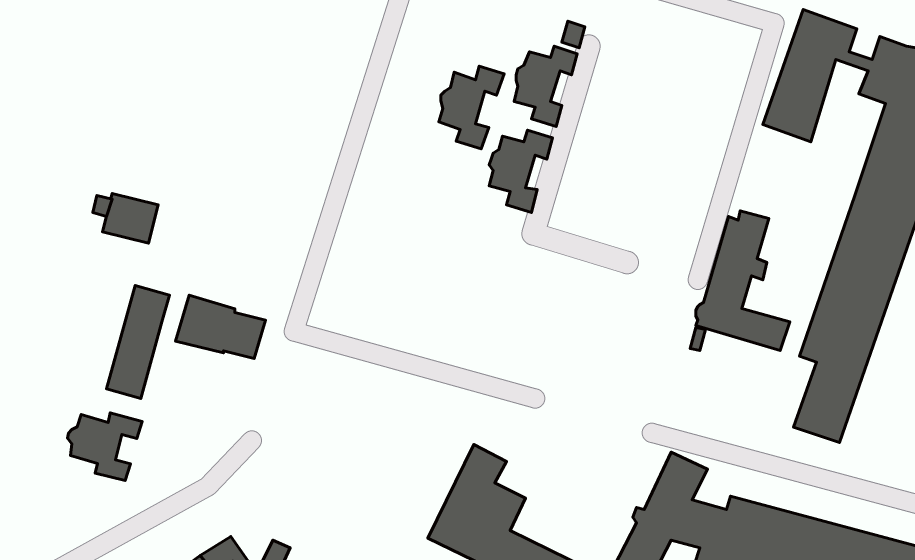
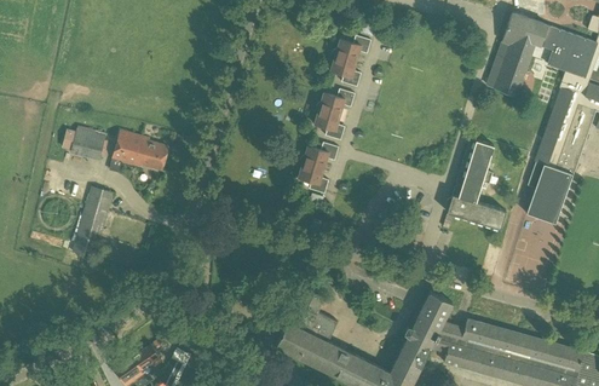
building: [439,66,504,149] -> [298,142,339,194]
building: [176,295,266,358] -> [111,129,168,169]
building: [67,413,142,481] -> none

